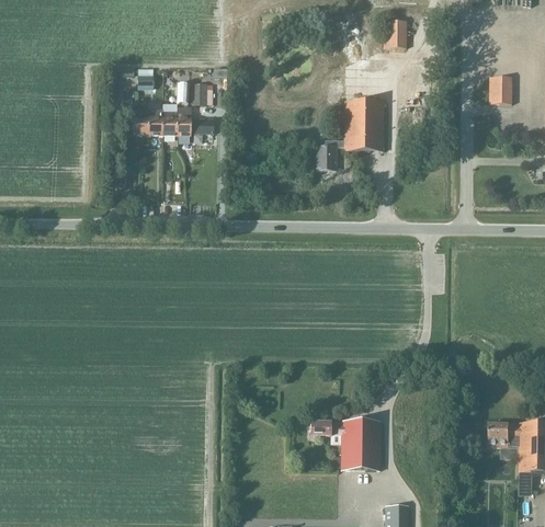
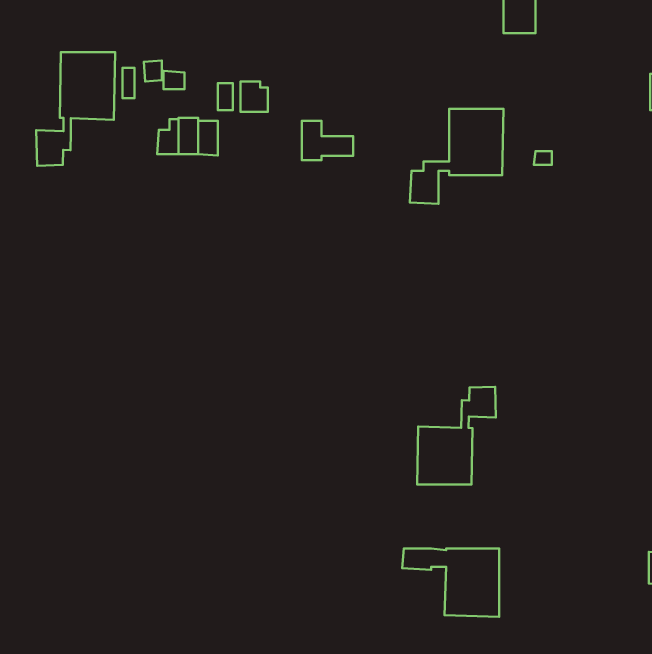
building: none -> [36,52,115,166]
building: [178,107,215,136] -> [302,121,353,160]
building: none -> [417,387,496,484]

